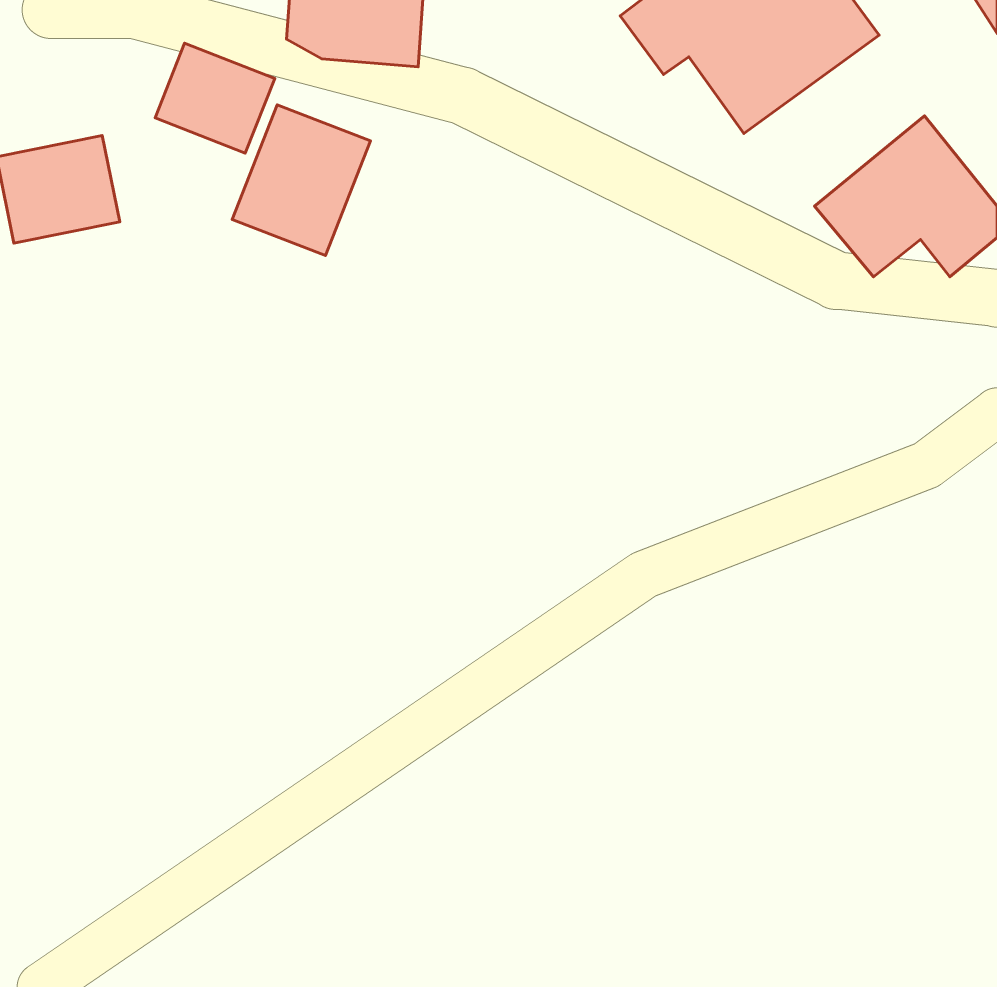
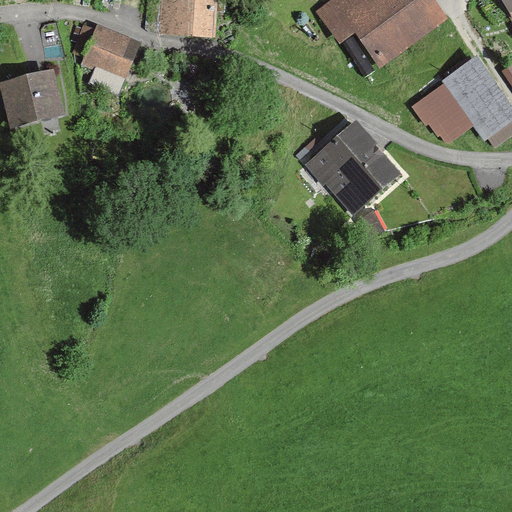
building: [232,105,370,256] -> none
building: none -> [308,120,401,213]

